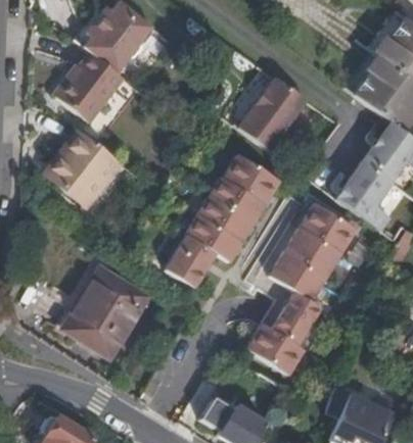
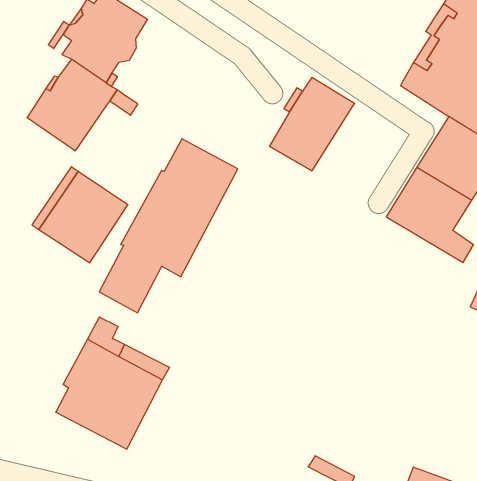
building: [166,153,280,286] -> [99,139,238,313]
building: [246,203,356,376] -> none

